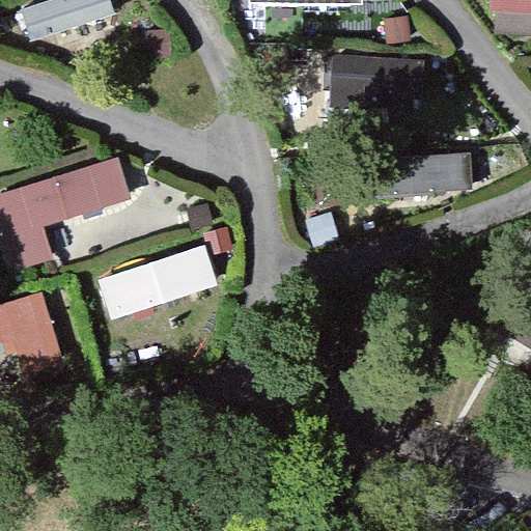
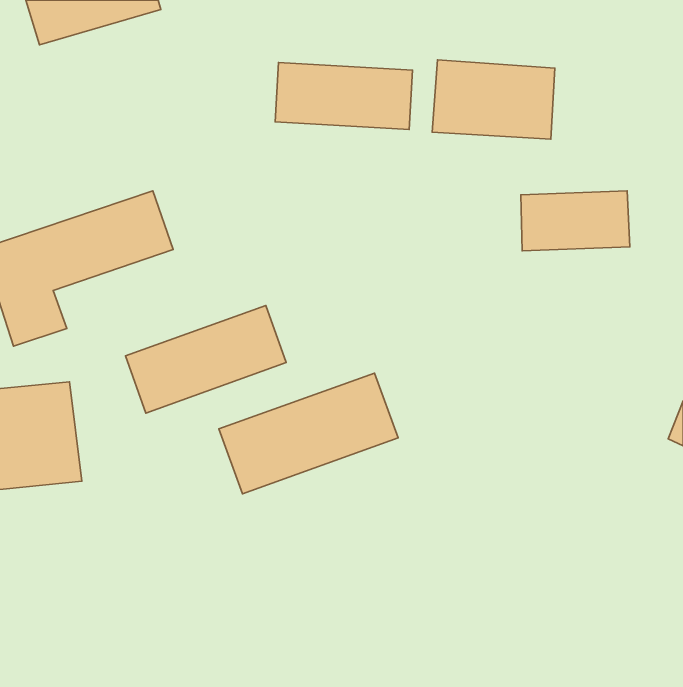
building: none -> [275,63,412,129]
building: none -> [219,373,398,494]

